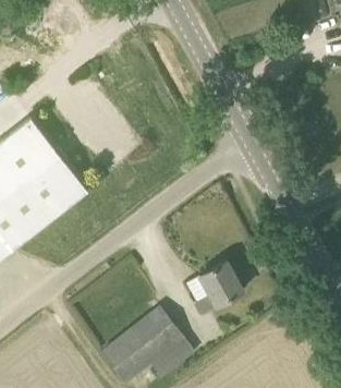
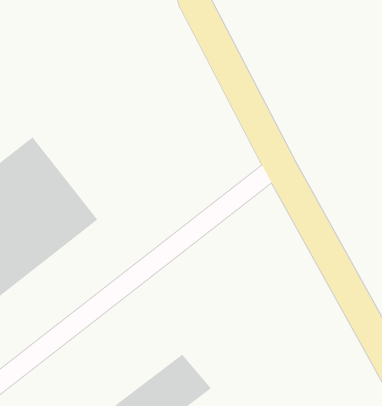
building: [195,262,243,316] -> none

